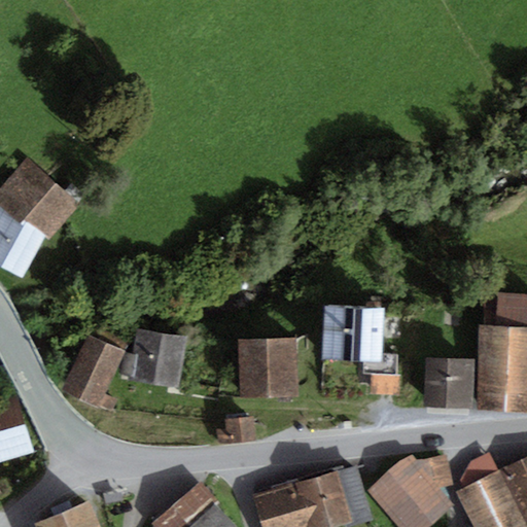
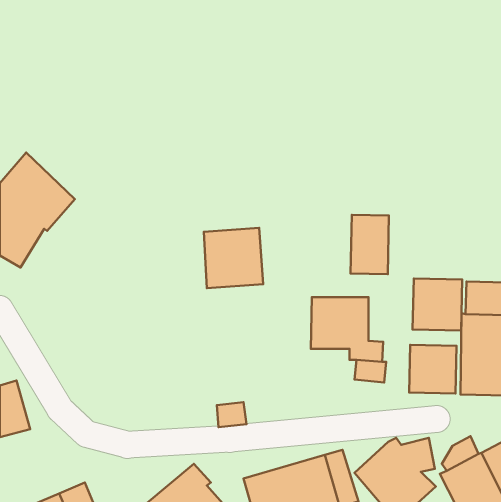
building: none -> [351,215,389,274]
building: none -> [413,278,462,330]
building: [129,330,186,388] -> none
building: [62,336,124,415] -> none
building: [238,338,300,400] -> [204,228,263,288]

